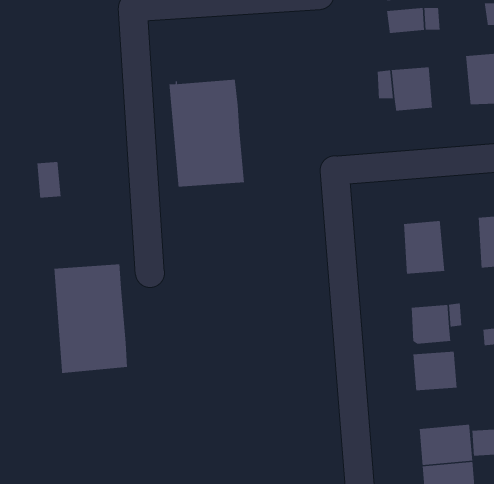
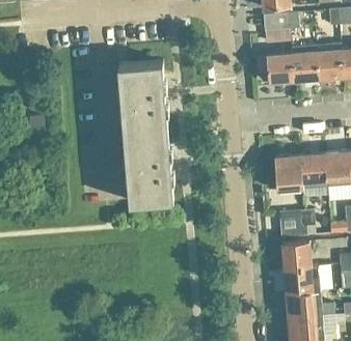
building: none -> [292,49,320,84]
building: none -> [300,157,327,193]
building: [53,264,128,374] -> [125,134,174,207]
building: none -> [284,269,320,297]

